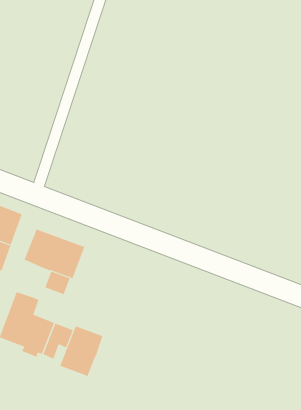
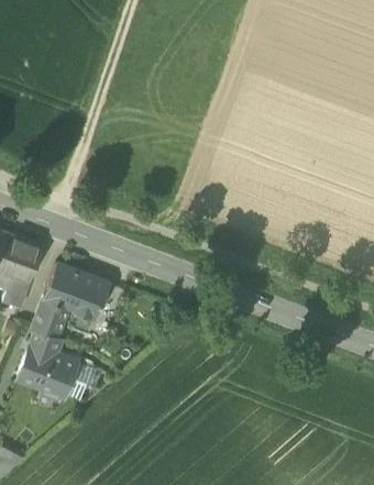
building: none -> [32,296,68,335]
building: [59,326,103,377] -> none

